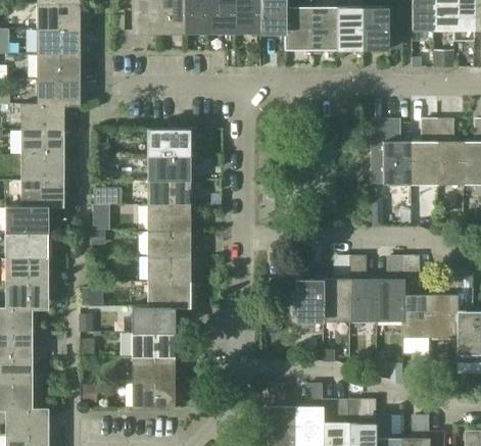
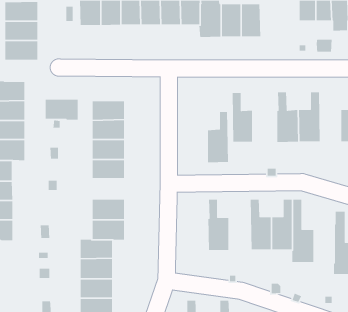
building: [363,6,388,49] -> none
building: [37,79,80,106] -> [45,99,79,120]
building: [438,118,465,183] -> [232,92,253,143]
building: [148,230,190,255] -> none
building: [323,255,350,321] -> [207,111,229,163]
building: [431,270,458,337] -> none

